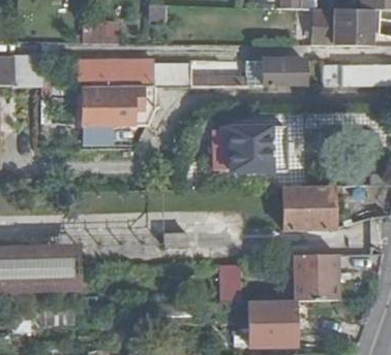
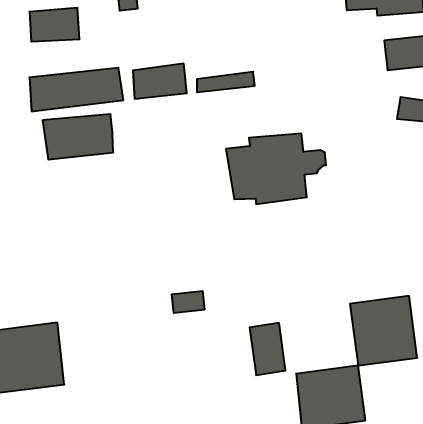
building: [262,61,305,87] -> none
building: [85,88,157,111] -> none
building: [282,185,345,227] -> none

